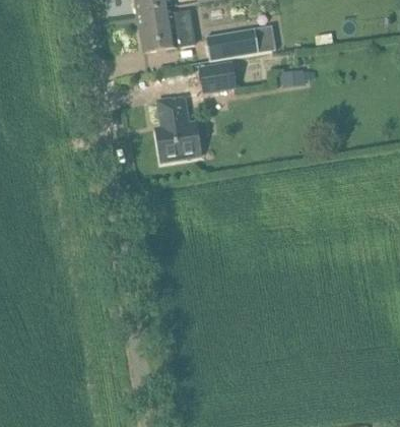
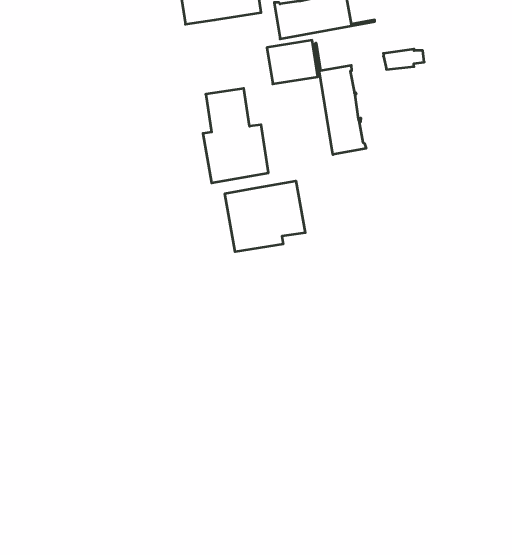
building: none -> [315,43,366,155]
building: none -> [225,181,305,252]

